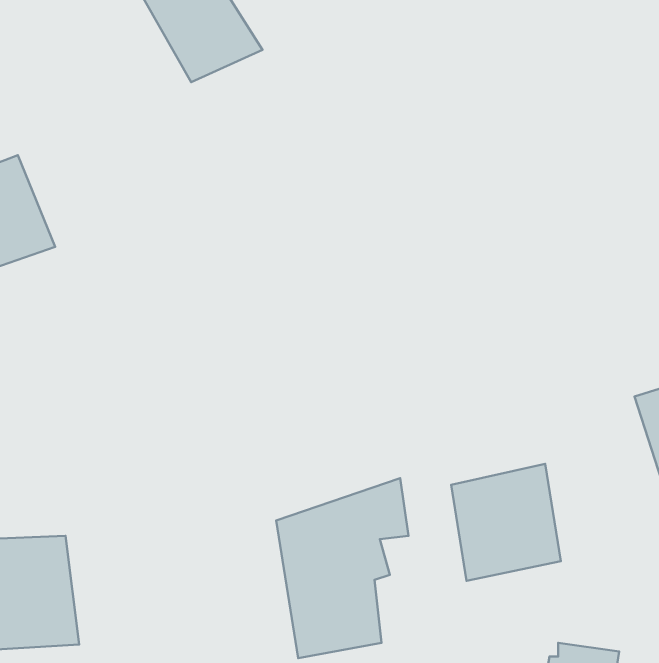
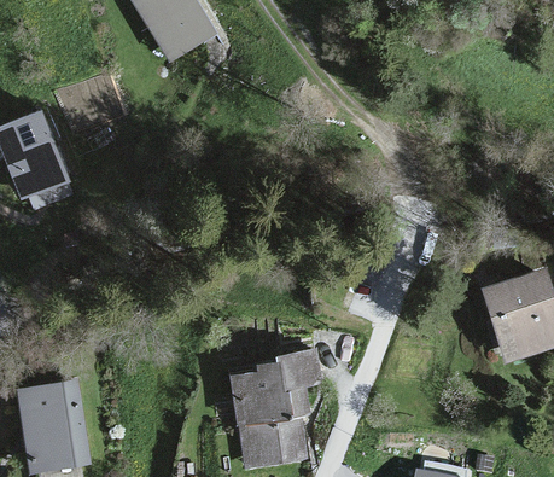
building: [451,464,561,581] -> none

